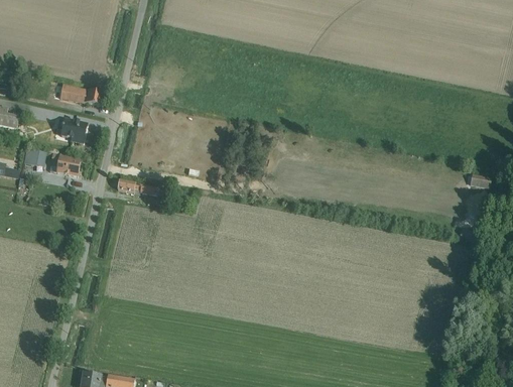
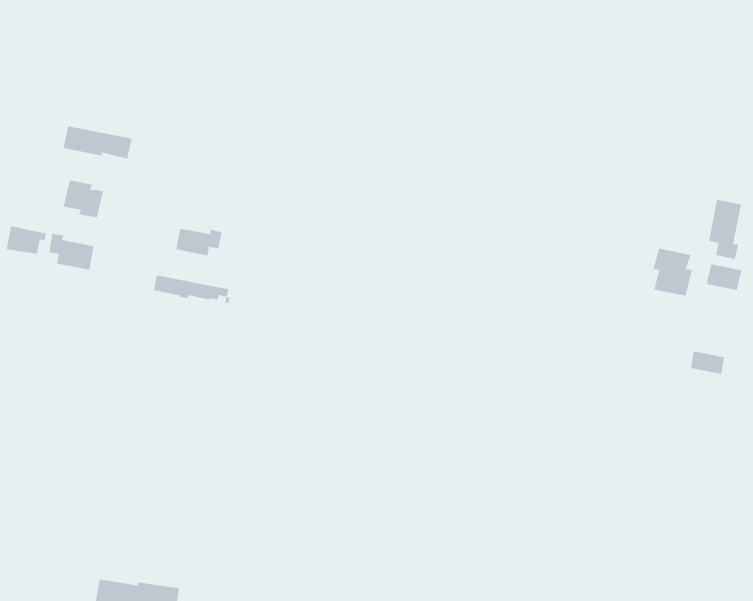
building: none -> [708,199,741,260]
building: none -> [176,228,222,256]
building: none -> [653,248,692,297]

